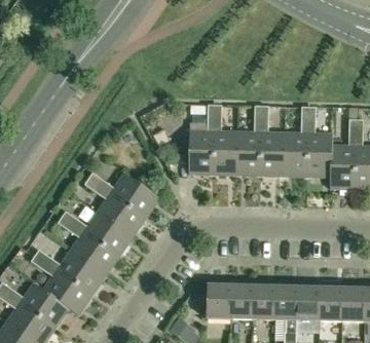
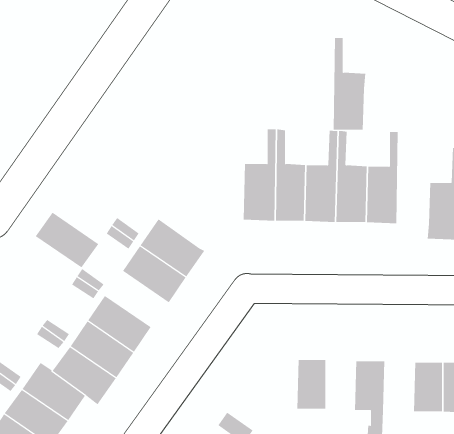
building: [306,106,332,177] -> [333,37,366,130]
building: [82,213,132,256] -> [35,212,99,268]
building: [206,279,230,318] -> none
building: [252,280,274,319] -> none
building: [296,281,320,320] -> none

